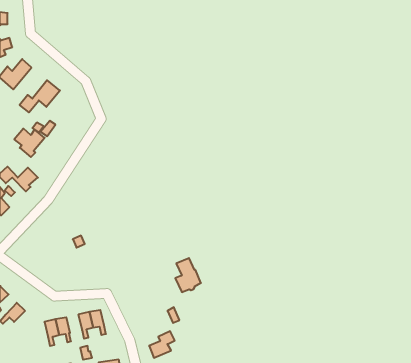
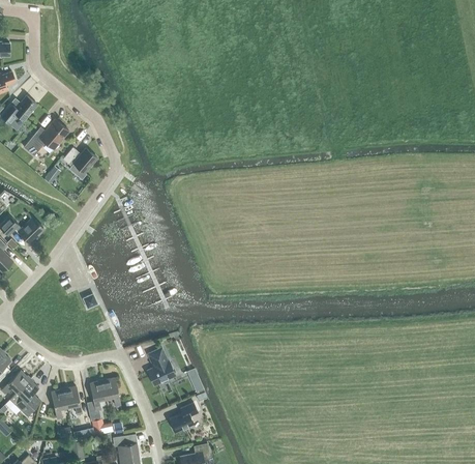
building: [14,129,45,157] -> [62,147,96,179]
building: [175,258,201,292] -> [146,347,175,385]
building: none -> [9,379,39,415]

